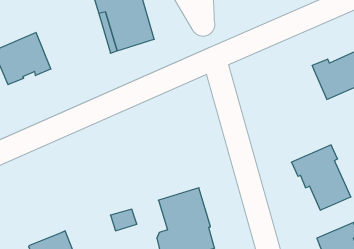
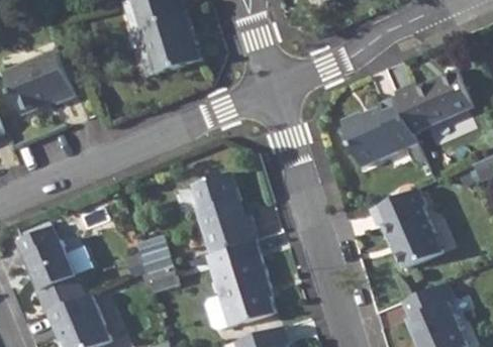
building: none -> [340,96,424,165]
building: none -> [192,174,256,254]
building: none -> [18,226,87,311]
building: none -> [137,237,173,273]

